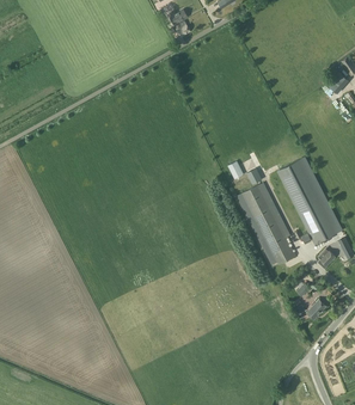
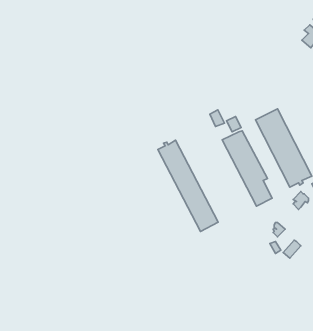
building: none -> [158,140,218,231]

